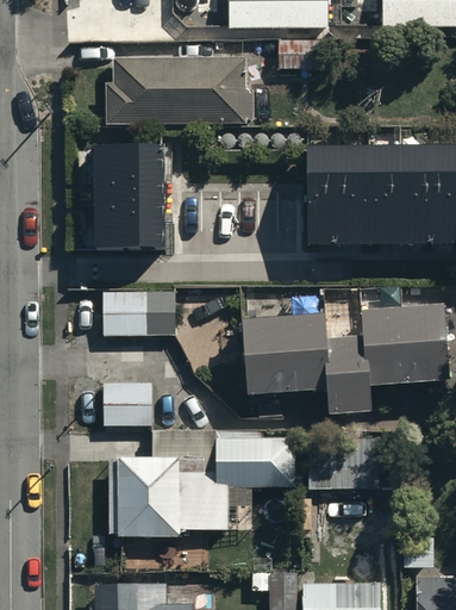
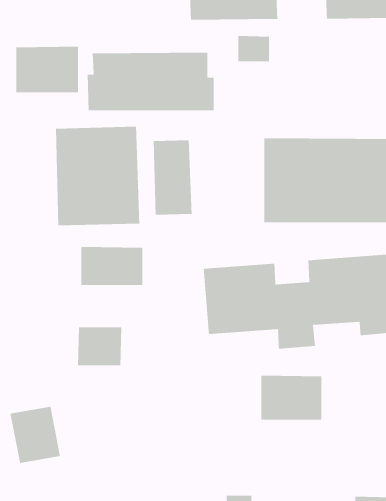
building: none -> [15,46,79,93]
building: none -> [153,139,193,215]
building: [115,438,293,536] -> none
building: none -> [9,406,61,464]

